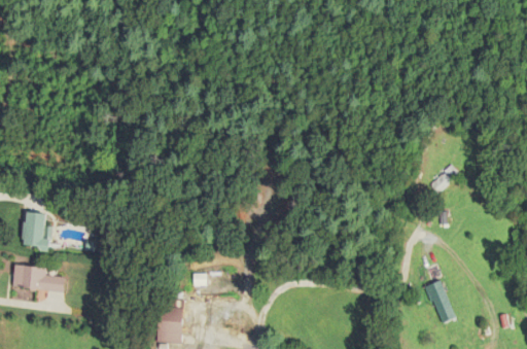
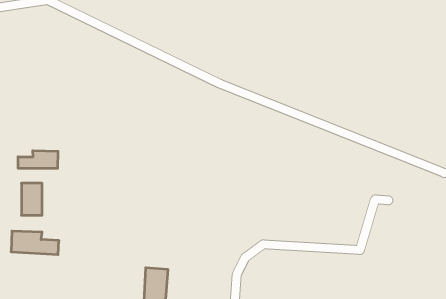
building: none -> [18,151,58,168]
building: [425,280,458,324] -> none

